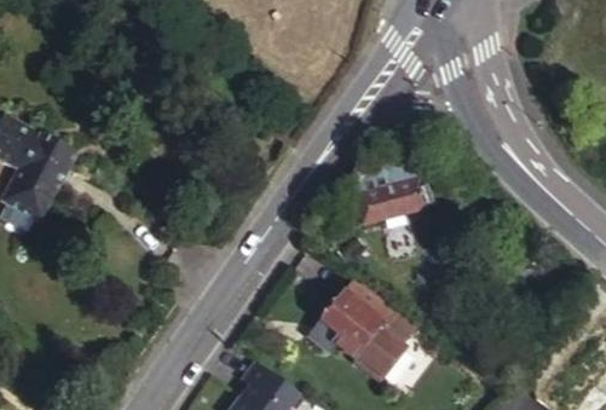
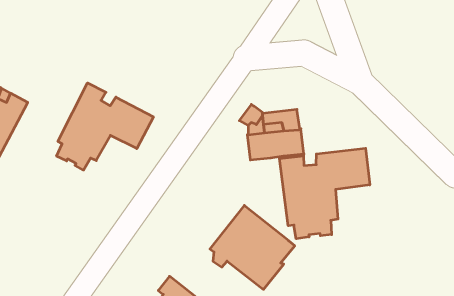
building: none -> [57,83,153,170]
building: none -> [279,148,370,239]

